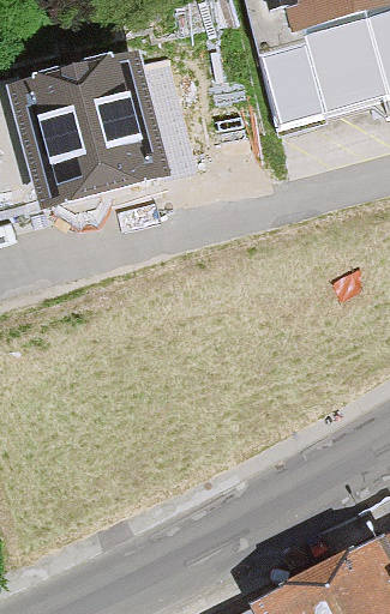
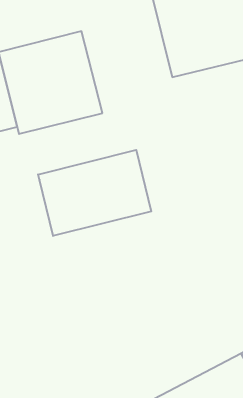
building: none -> [38,150,151,236]

